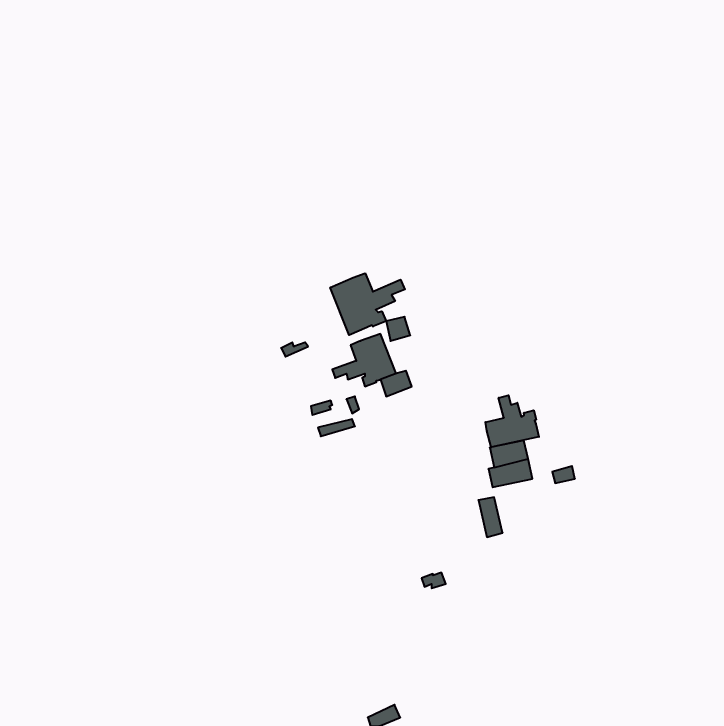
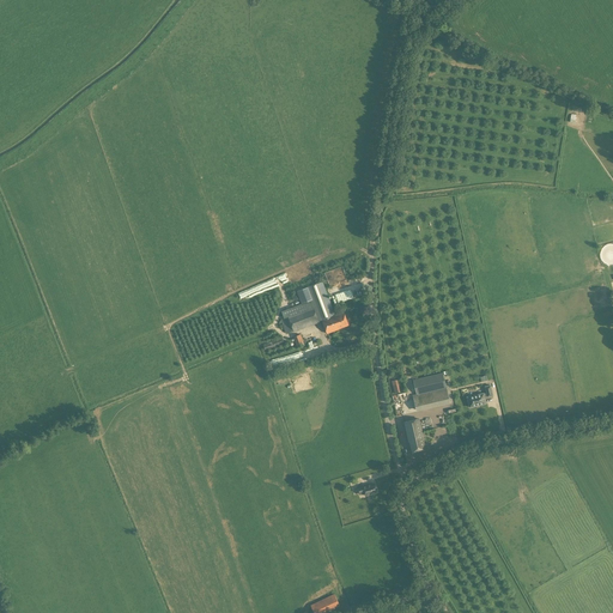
building: [330,273,405,335] -> none
building: [485,395,539,447] -> none

